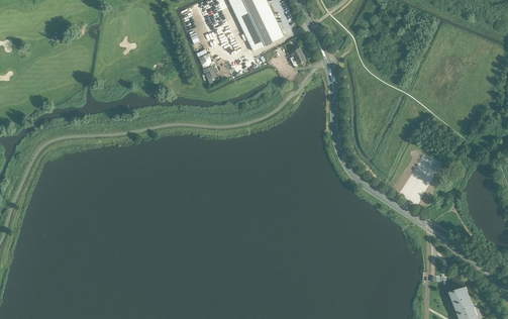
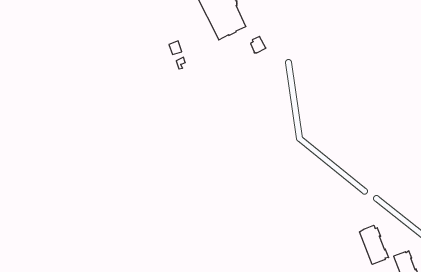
building: none -> [360,225,389,264]

